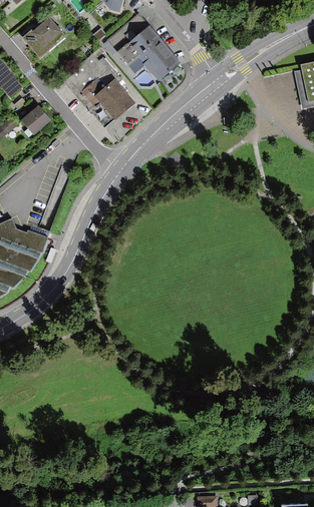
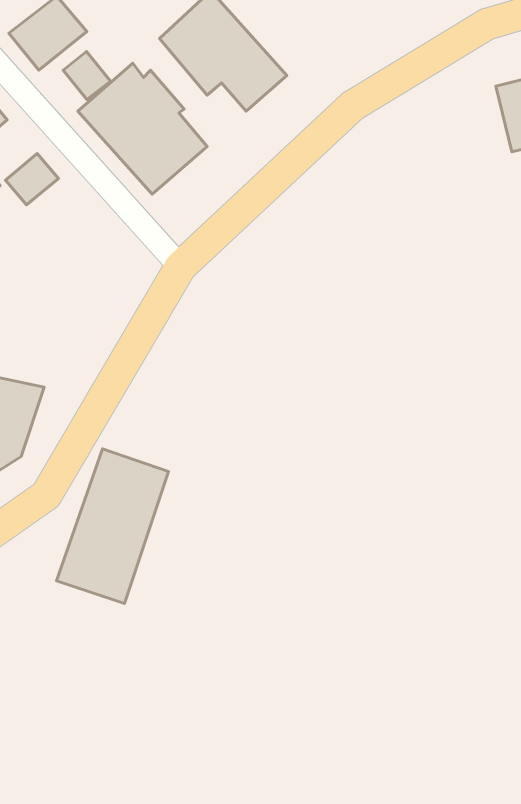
building: none -> [63,52,110,100]
building: none -> [57,449,169,604]

